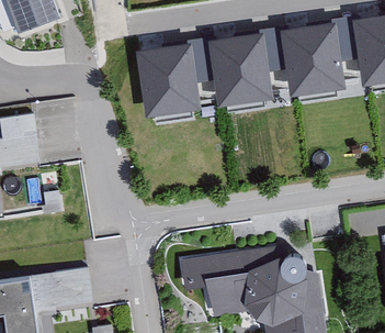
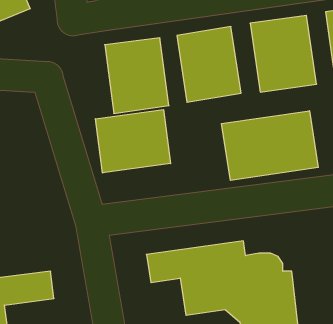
building: none -> [95,110,171,173]
building: none -> [222,111,318,180]

